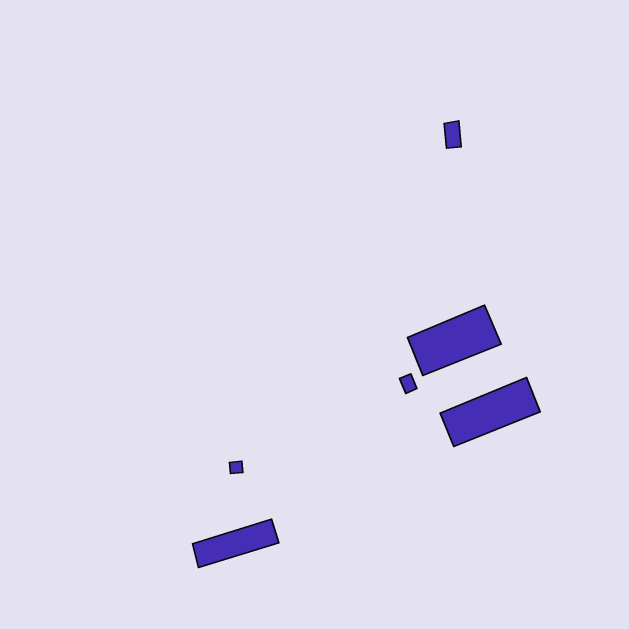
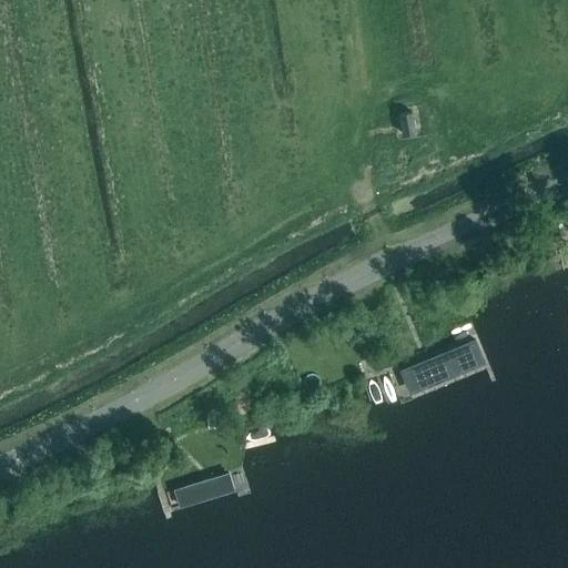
building: [407,305,501,376] -> none

